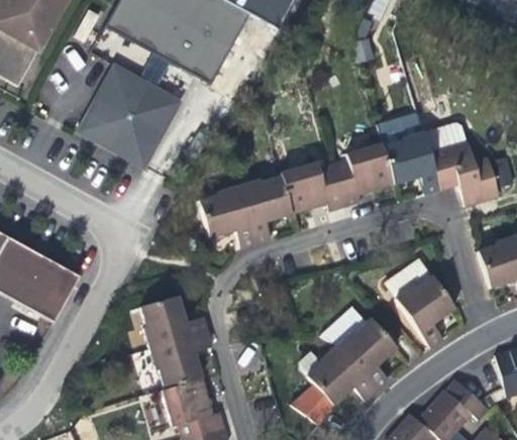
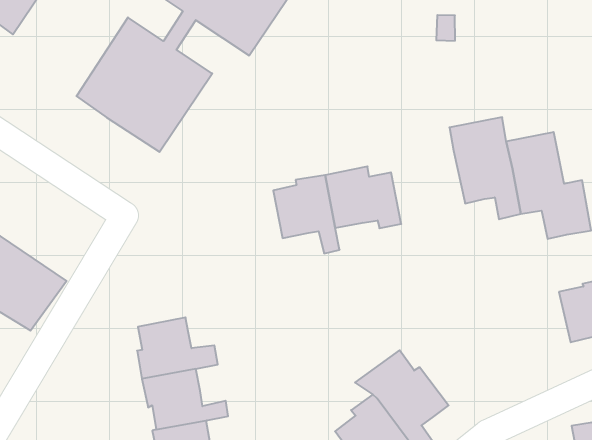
building: [333,143,395,206] -> none
building: [198,185,257,248] -> none
building: [383,259,454,347] -> none

